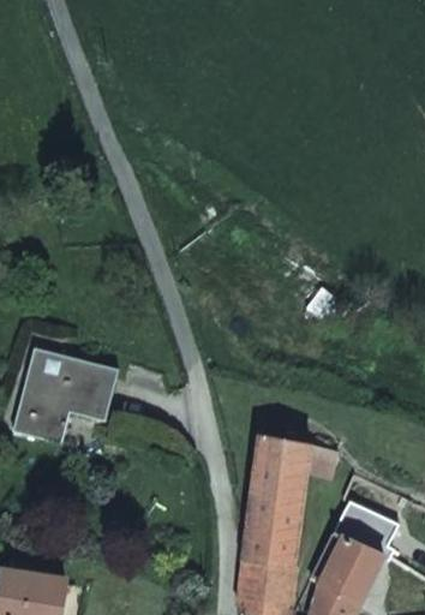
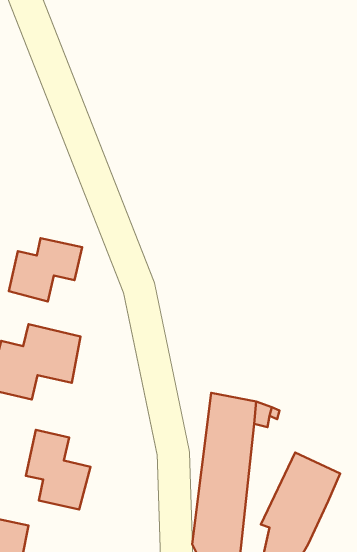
building: none -> [9,238,82,301]
building: none -> [26,430,90,510]

